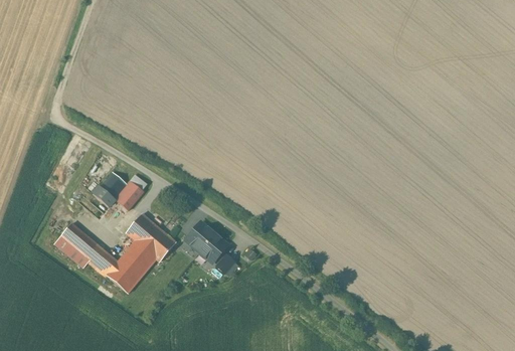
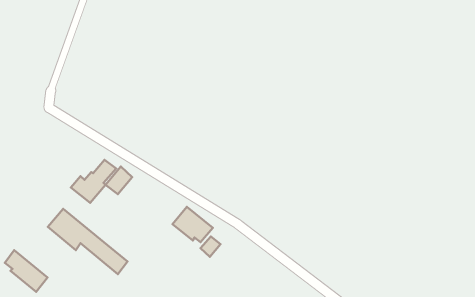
building: [117,213,175,279] -> none
building: none -> [5,250,47,292]

